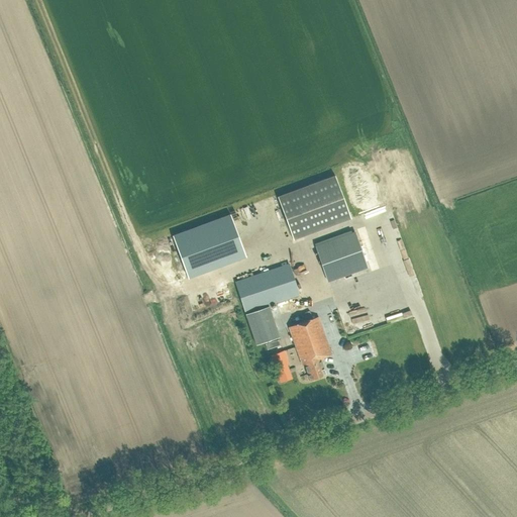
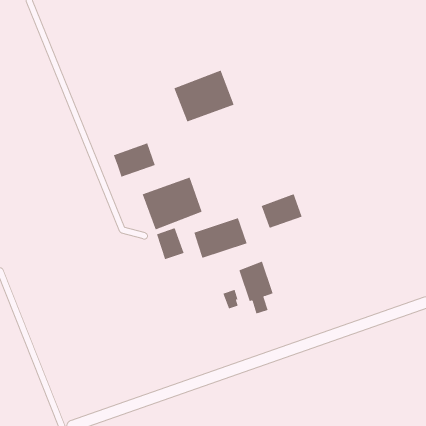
building: none -> [113,142,155,177]
building: [277,175,350,238] -> [173,70,234,122]
building: [245,306,280,345] -> [156,227,184,260]

